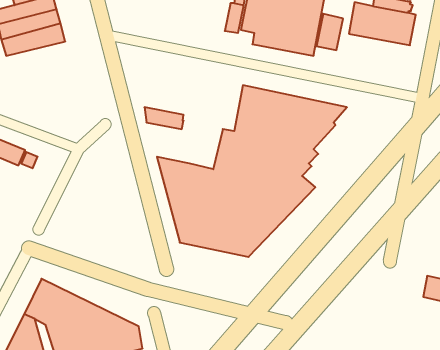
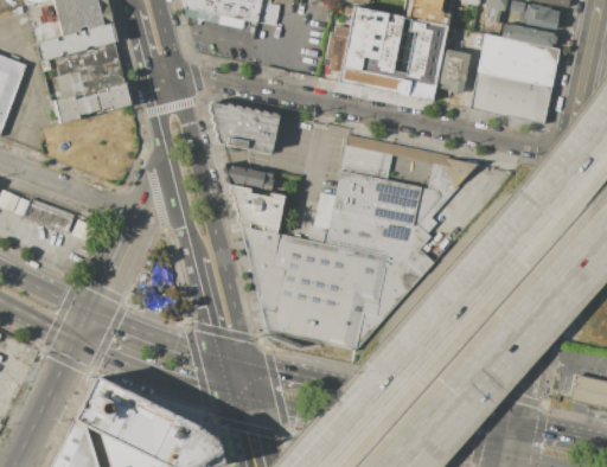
building: none -> [471,72,554,122]
building: none -> [52,82,132,124]
building: none -> [211,102,279,153]
building: none -> [230,185,285,234]

